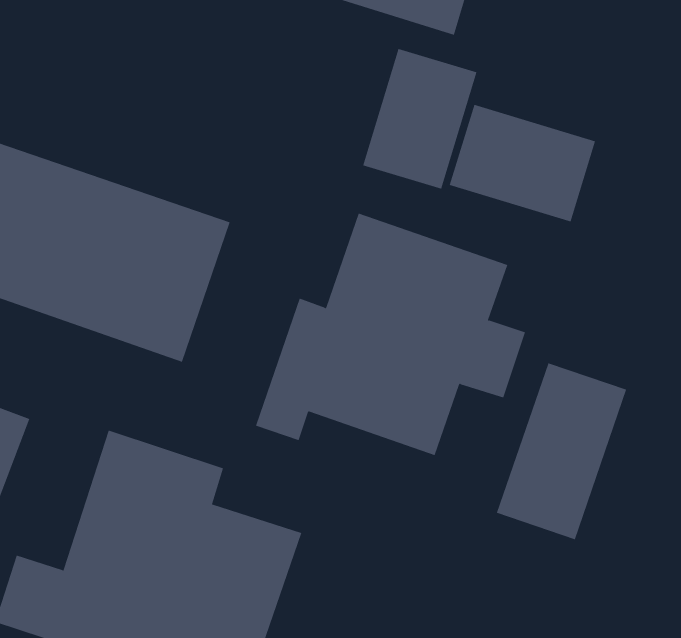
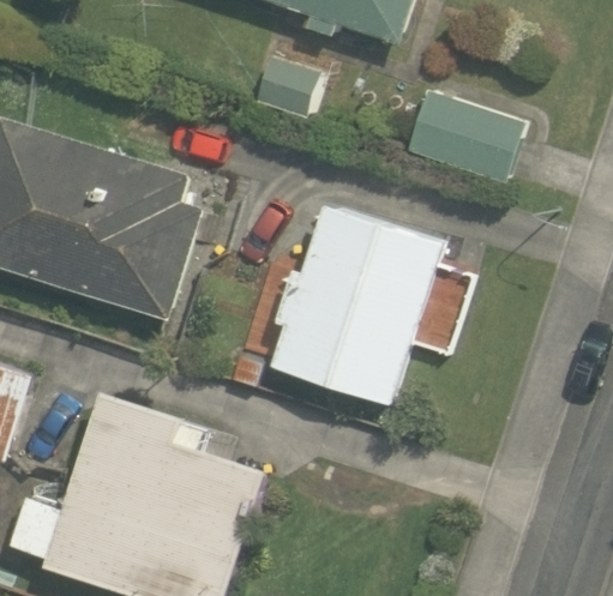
building: [362,48,477,190] -> none
building: [496,362,627,540] -> none

